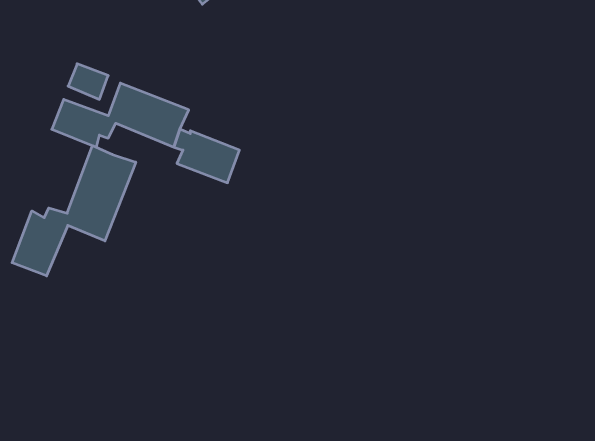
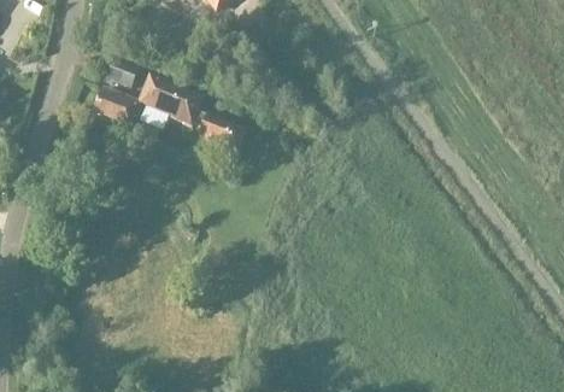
building: [12,146,136,276] -> none

